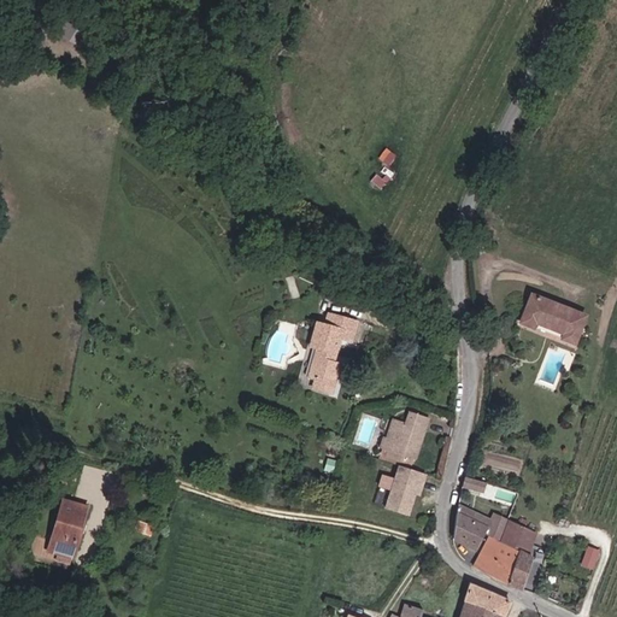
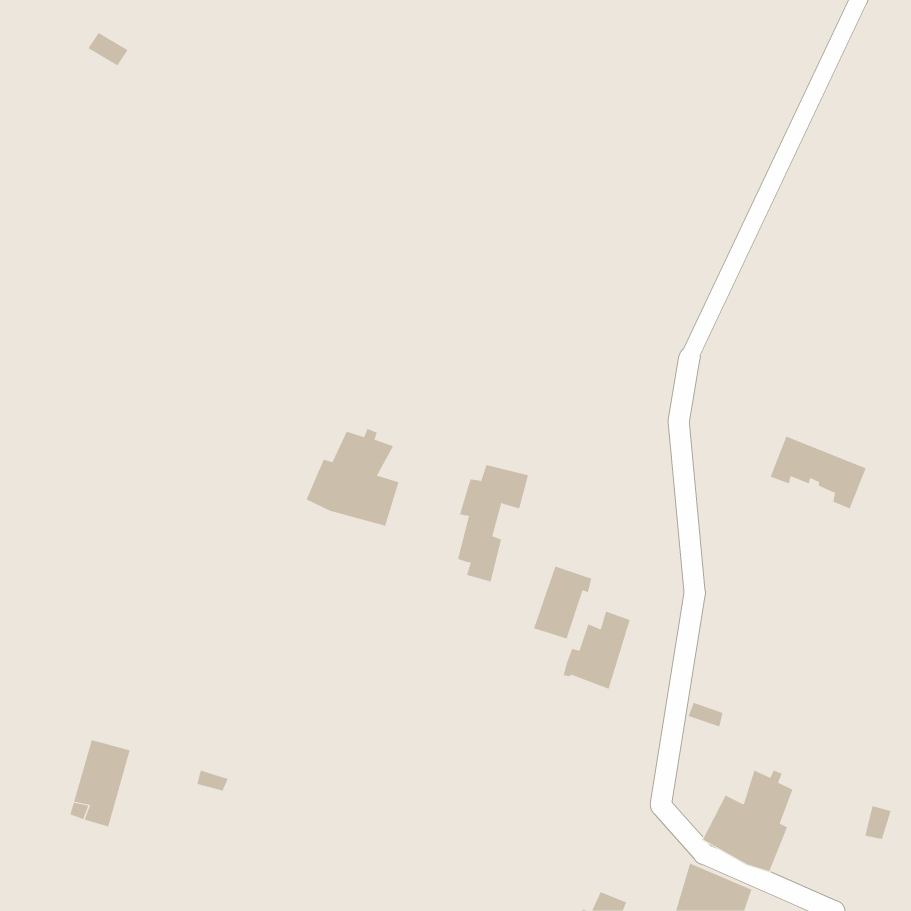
building: none -> [306,428,399,527]
building: [386,465,425,515] -> [533,566,592,639]
building: [454,512,488,550] -> none

